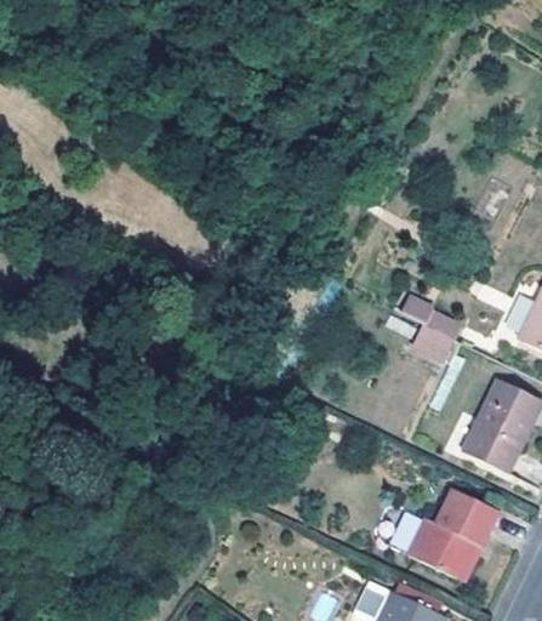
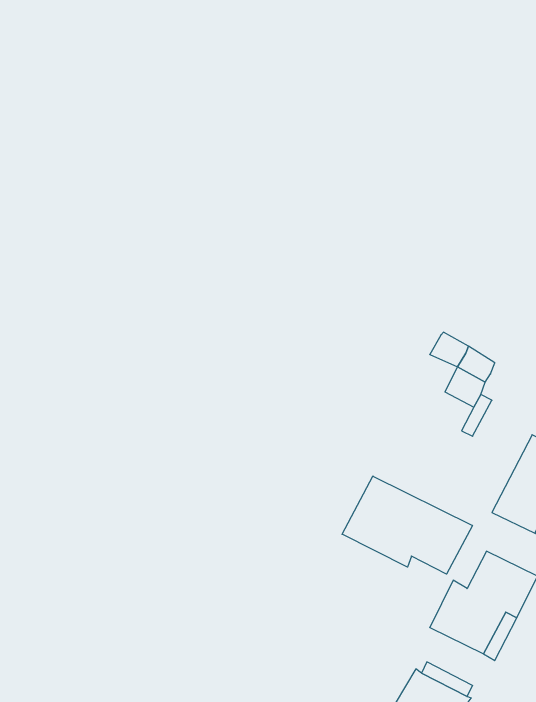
building: none -> [342,476,472,574]

